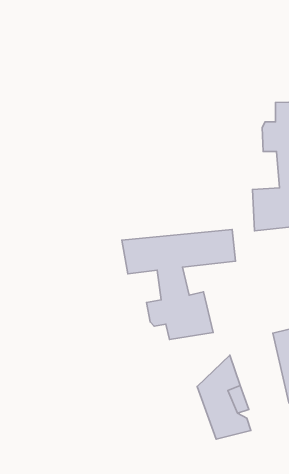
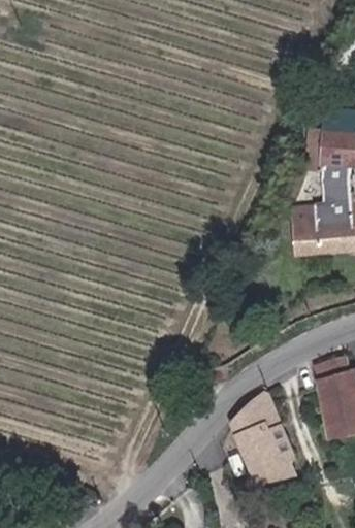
building: [122,230,235,339] -> none

